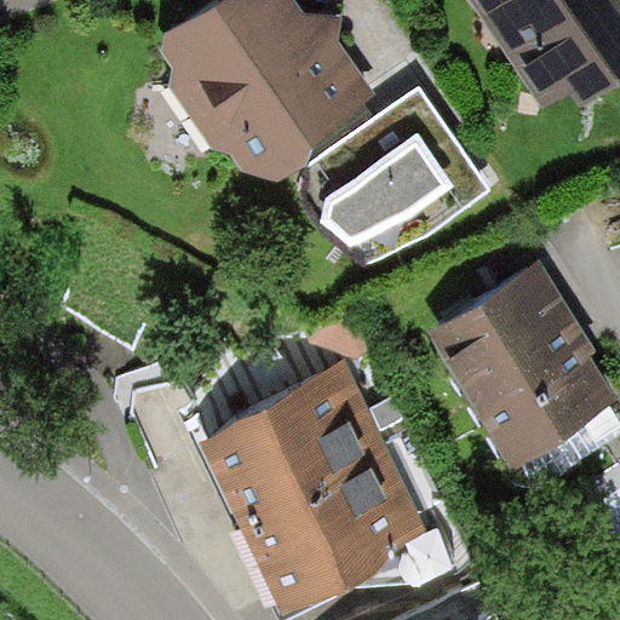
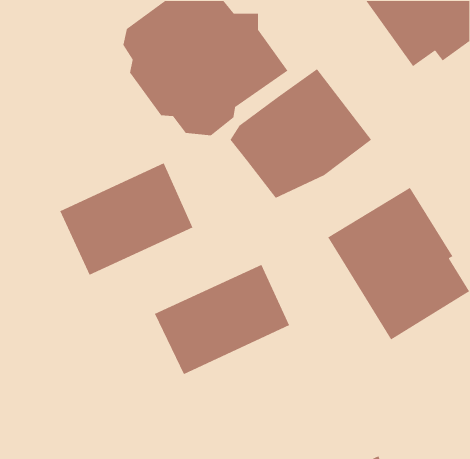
building: none -> [59,162,194,276]
building: [241,443,421,595] -> none

